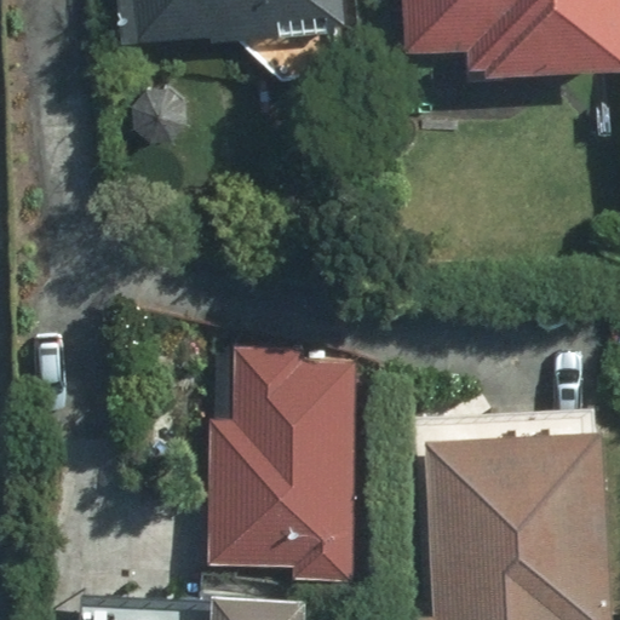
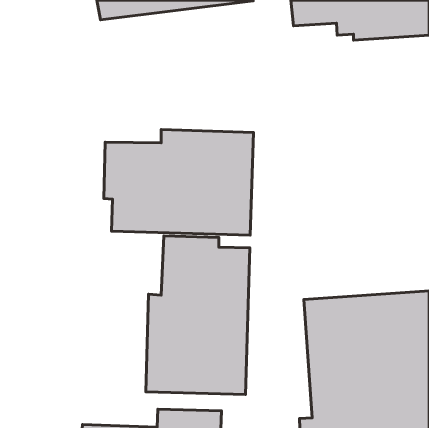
building: none -> [104,130,254,235]

